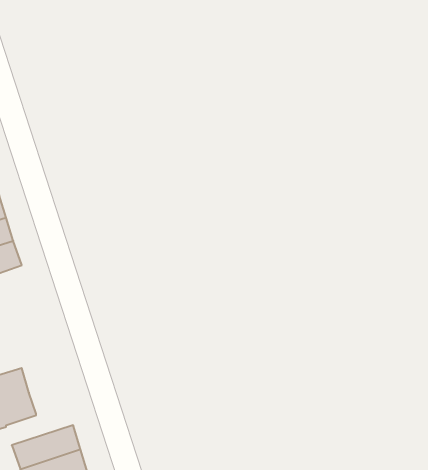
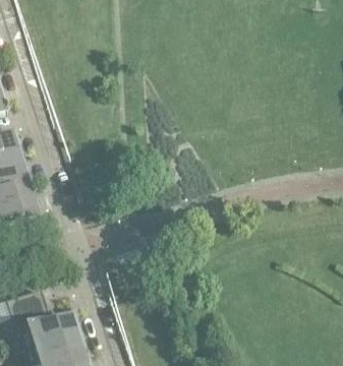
building: none -> [28,312,76,342]

